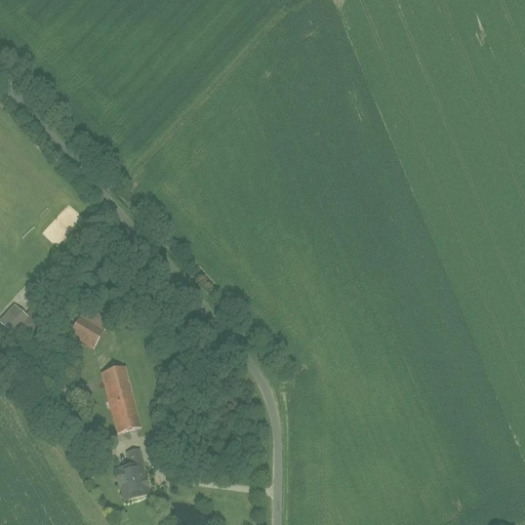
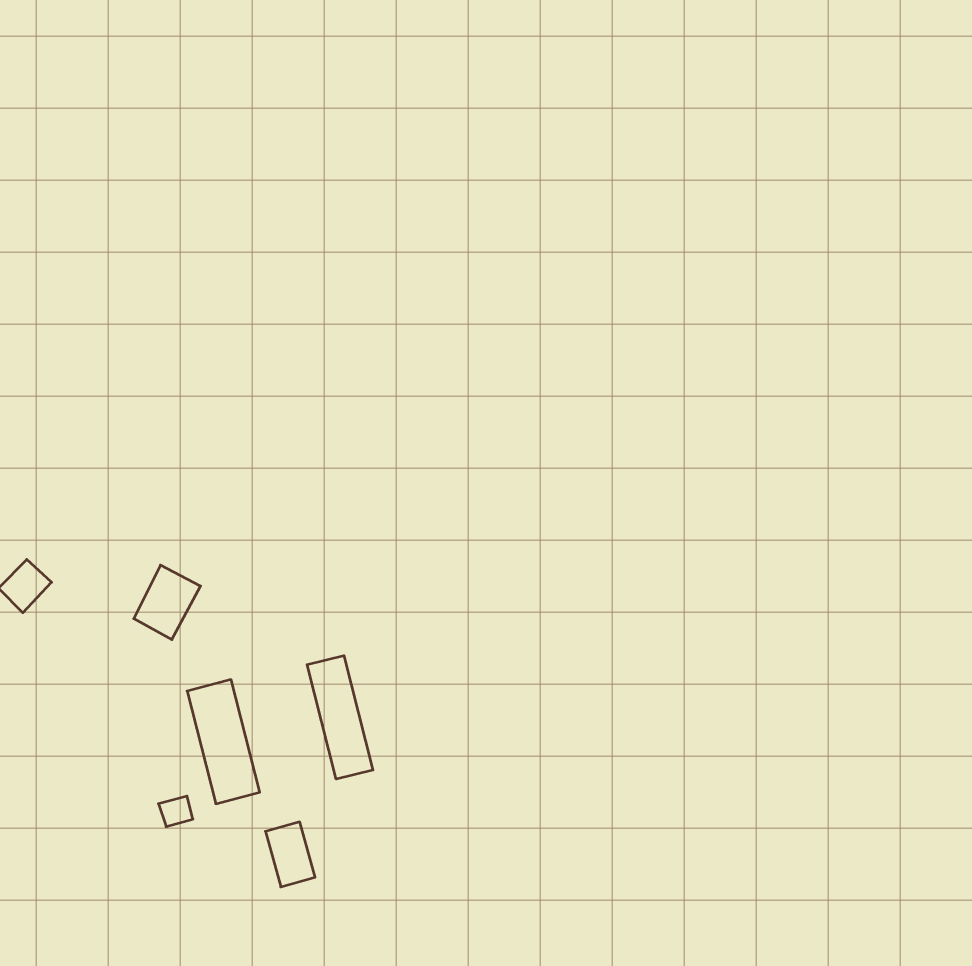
building: none -> [307,656,373,779]
building: [116,463,143,498] -> [265,822,315,887]

